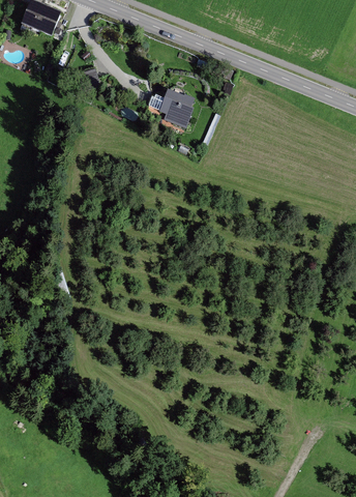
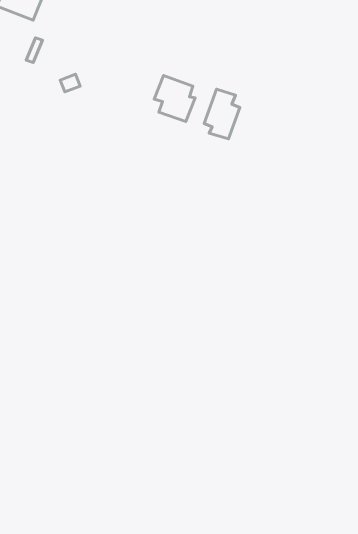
building: none -> [204,89,240,139]

